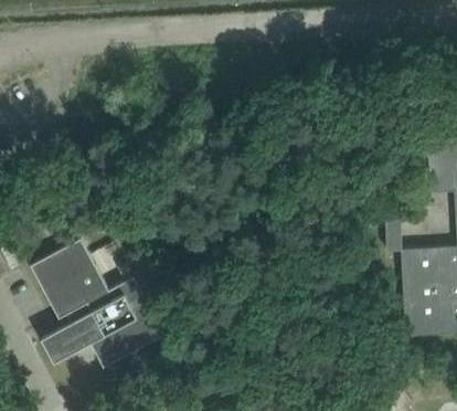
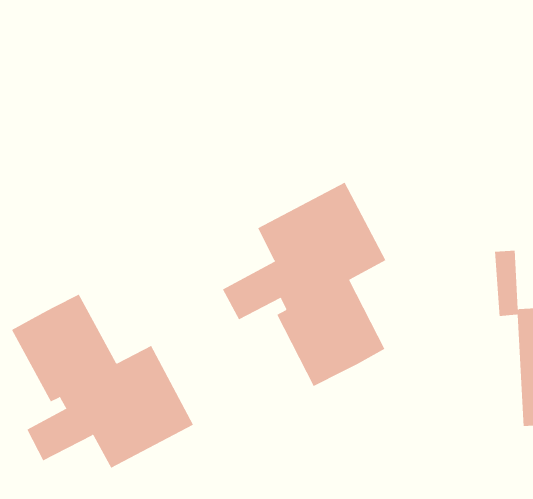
building: none -> [222,182,386,387]

